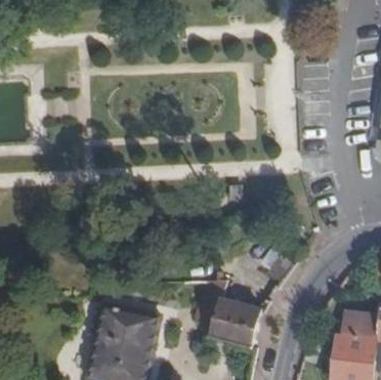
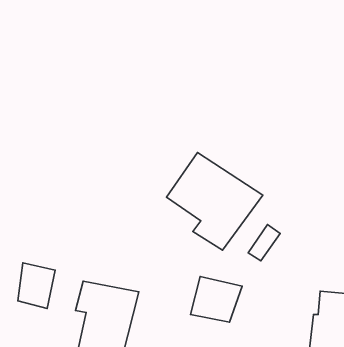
building: none -> [167,153,263,250]
building: none -> [18,263,55,309]

